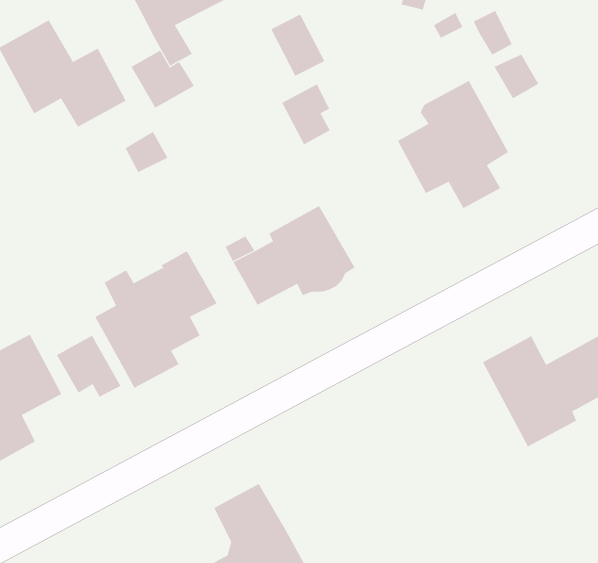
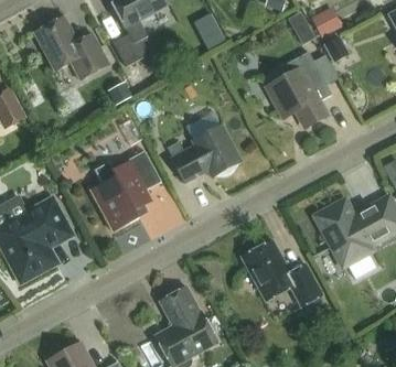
building: [282,83,331,145] -> none
building: [56,335,121,398] -> none
building: none -> [242,239,323,305]

